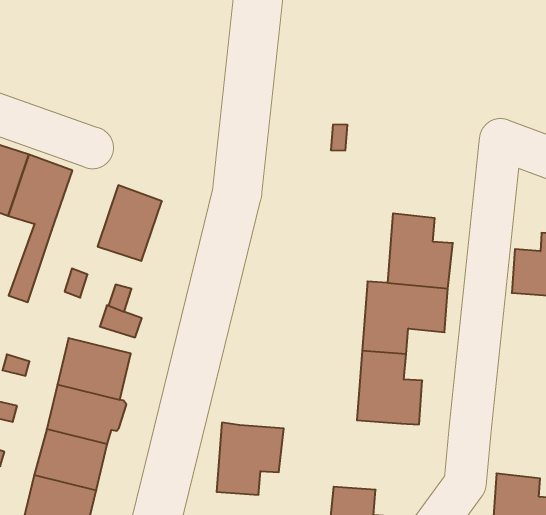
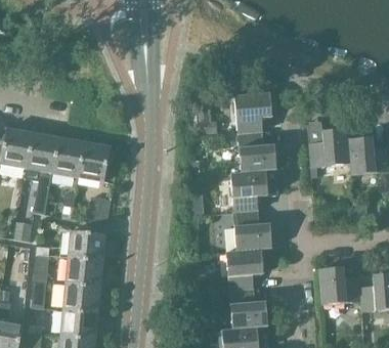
building: none -> [234,84,272,133]
building: none -> [51,137,84,177]
building: [217,423,284,495] -> [226,249,262,290]

